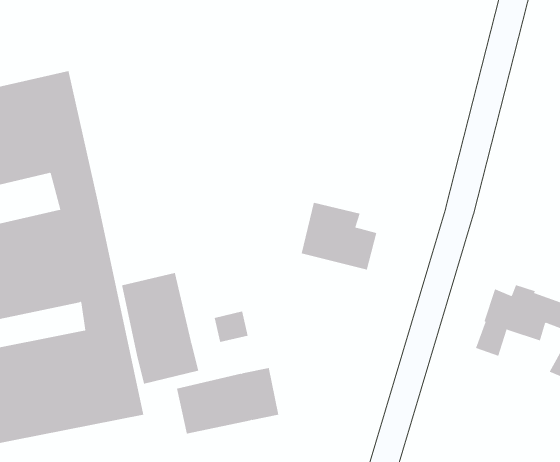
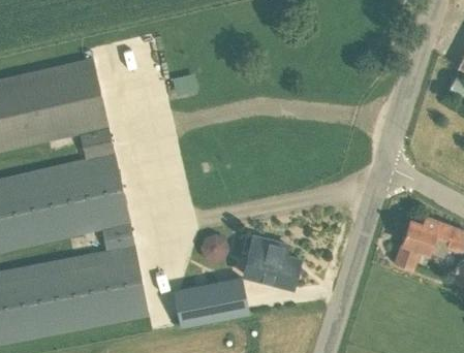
building: [301,202,377,270] -> [243,237,300,288]
building: [122,272,199,385] -> none

